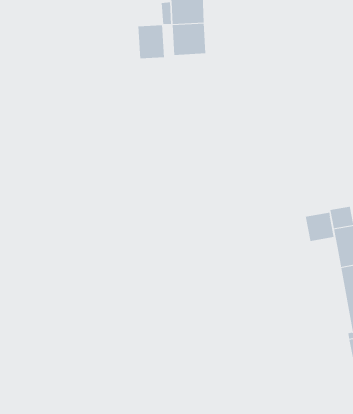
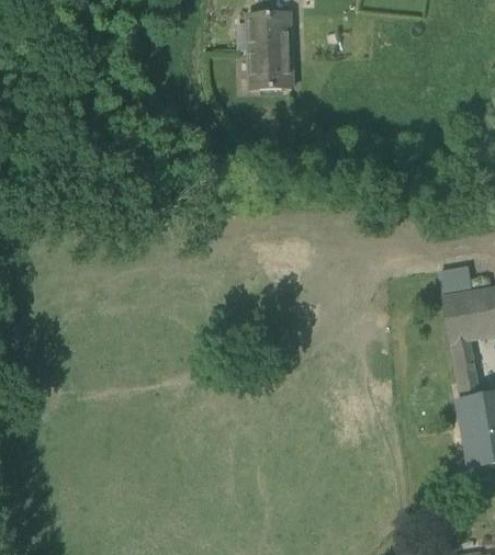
building: [138,25,164,59] -> none
building: [305,212,334,242] -> none

